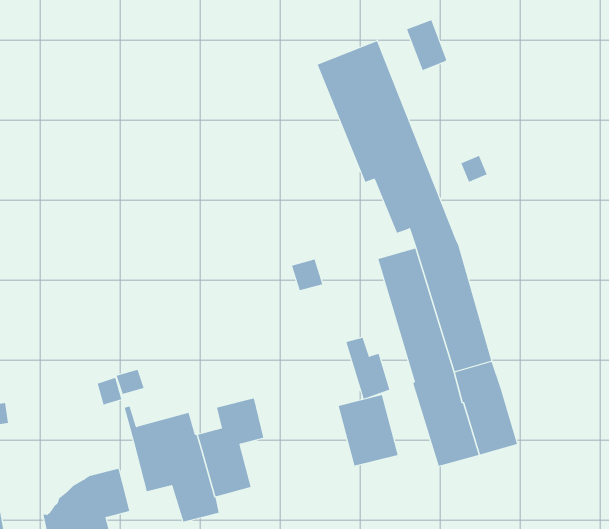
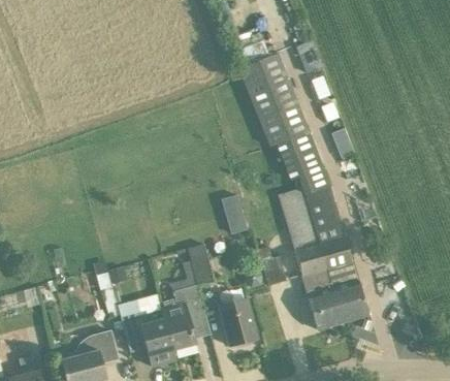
building: none -> [188,245,214,286]
building: [338,395,399,466] -> [219,299,258,346]

